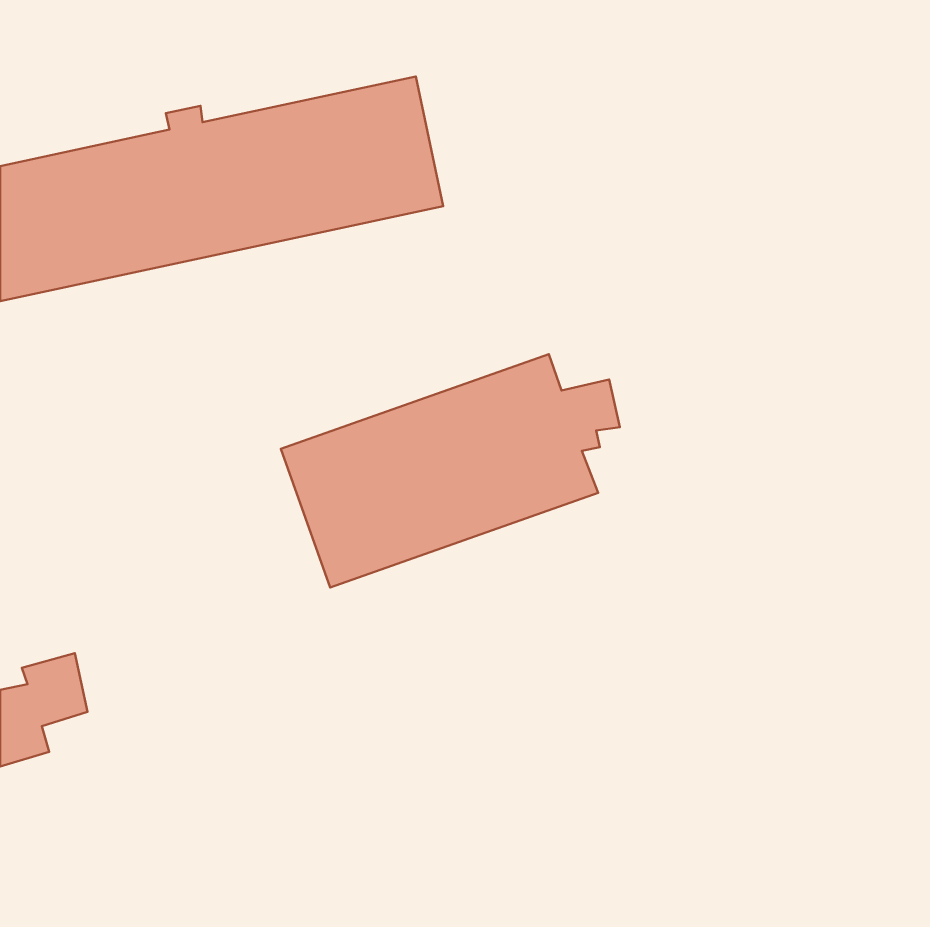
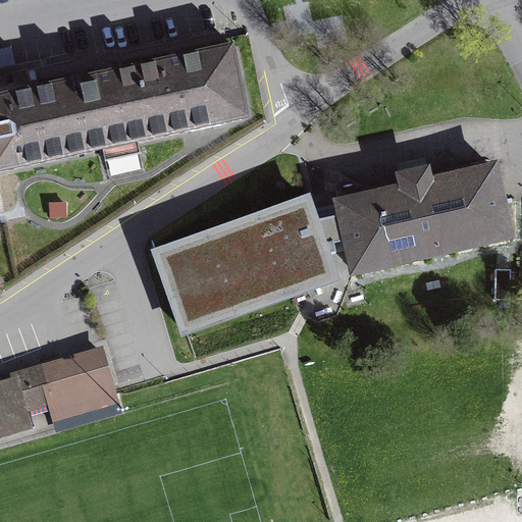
building: none -> [340,165,510,268]
building: none -> [43,348,113,410]

